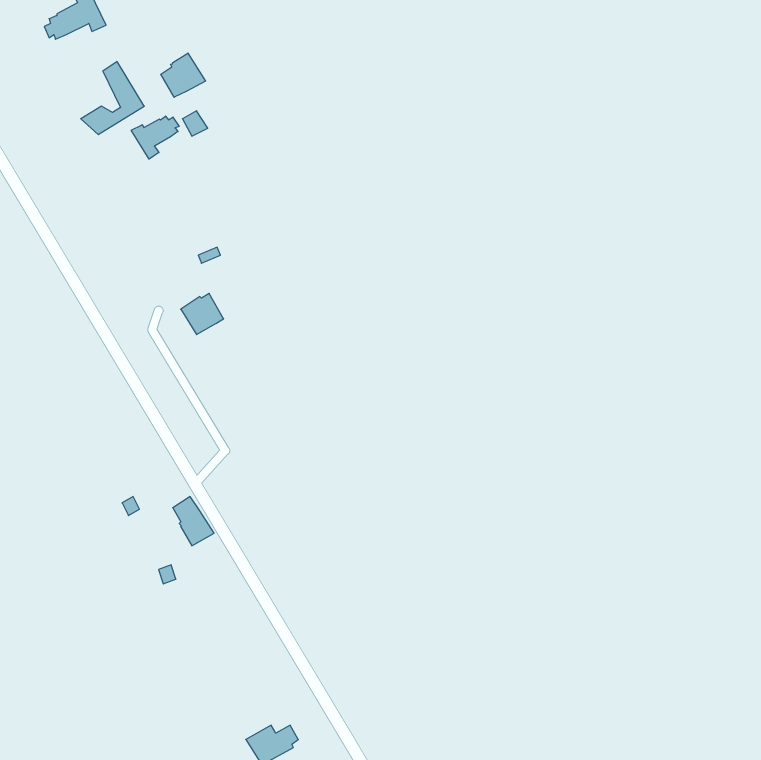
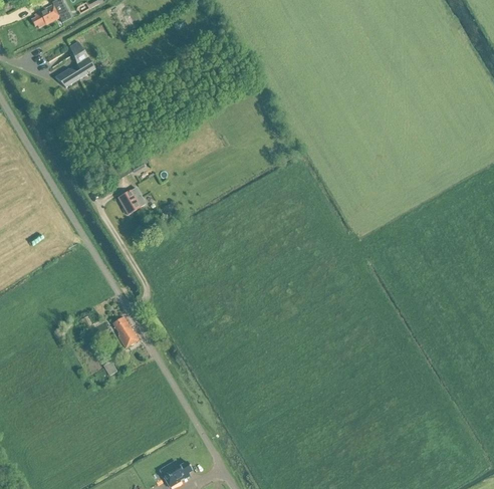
building: [161,53,206,97] -> none
building: [131,116,179,159] -> none

